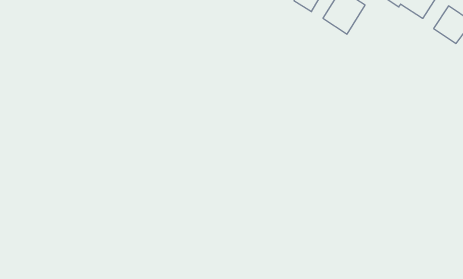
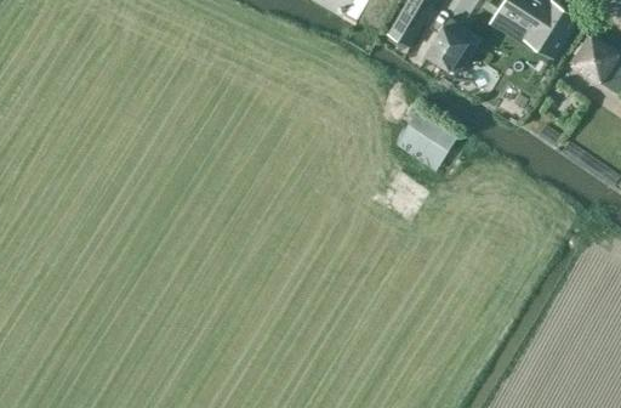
building: none -> [394,109,457,171]

